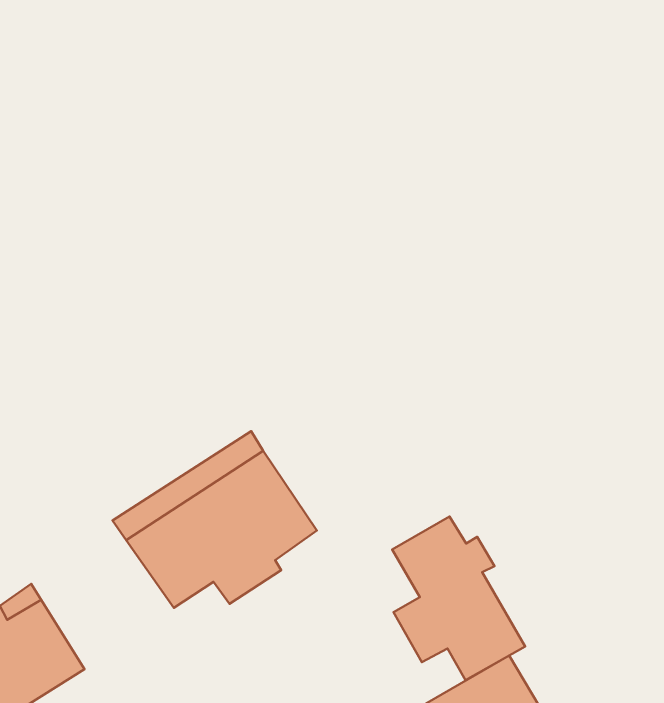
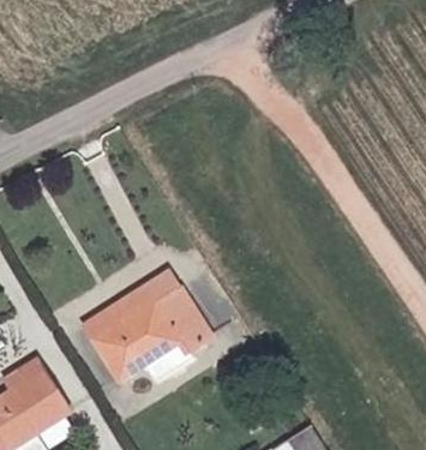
building: [392,516,525,680] -> none

